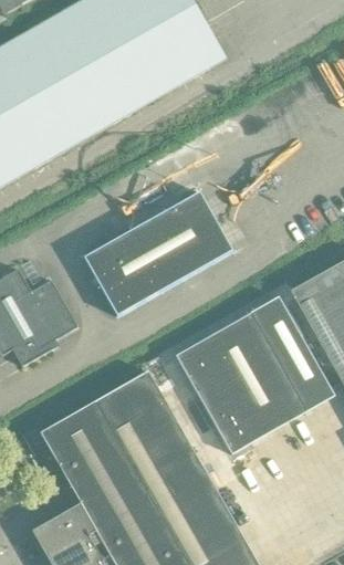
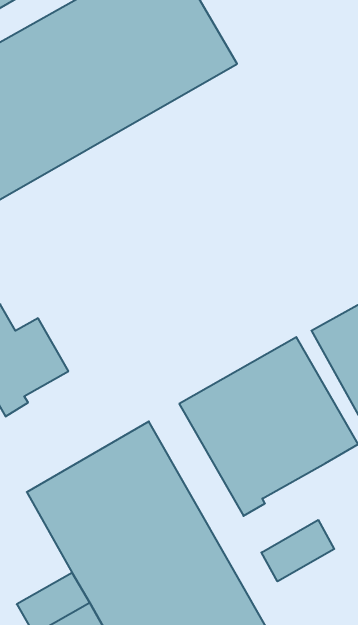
building: [84,192,233,316] -> none
building: none -> [261,520,334,581]

